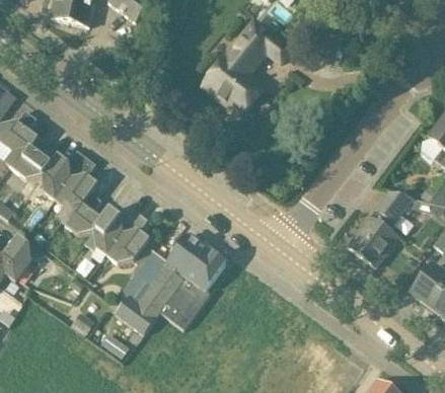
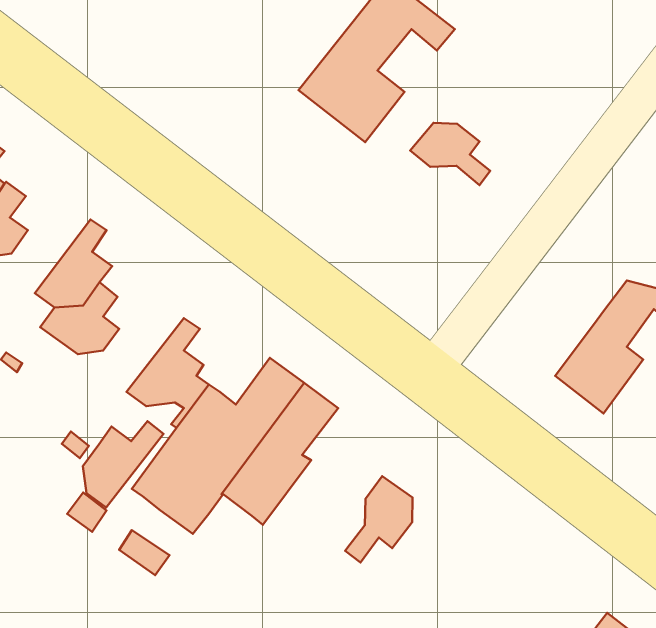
building: none -> [410,123,490,185]
building: [41,150,85,199] -> none
building: [92,206,138,254] -> [83,421,163,507]
building: none -> [345,476,413,562]

